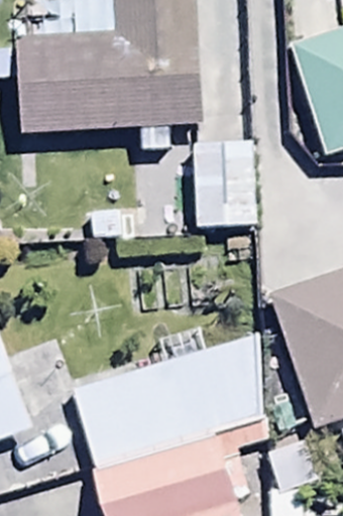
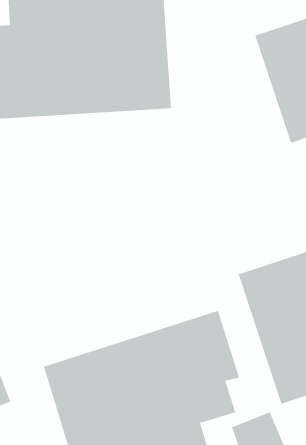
building: [193,142,258,228] -> none

